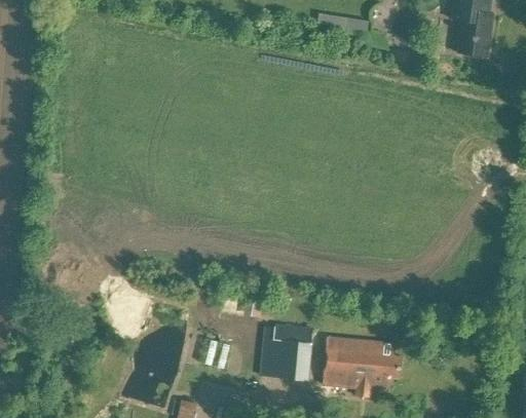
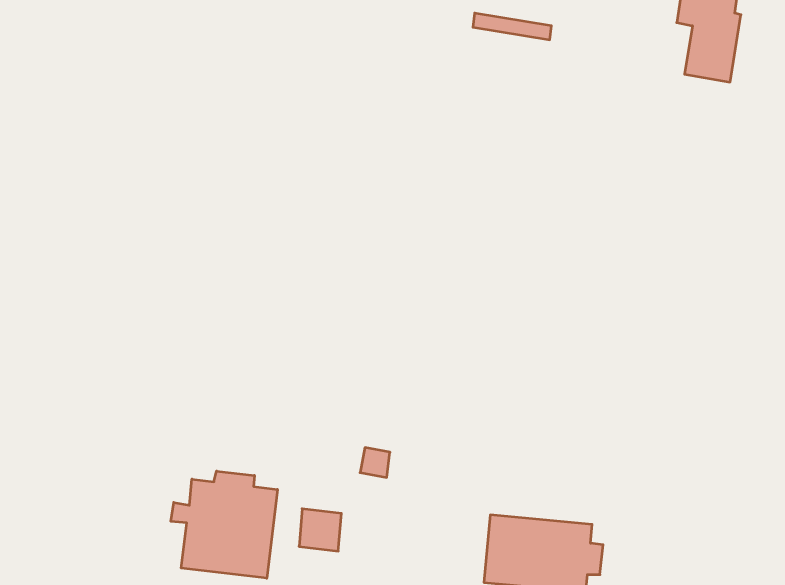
building: none -> [171,471,277,578]
building: [260,326,310,380] -> none

